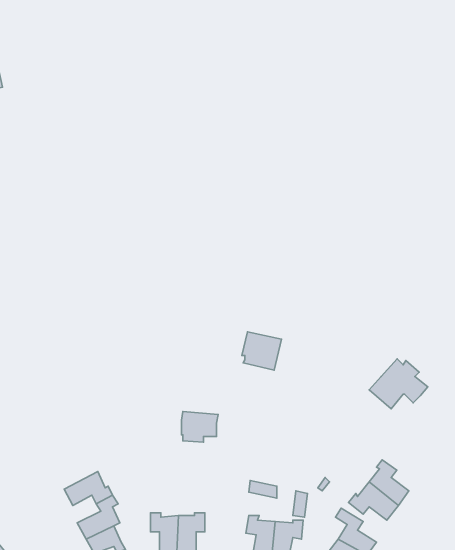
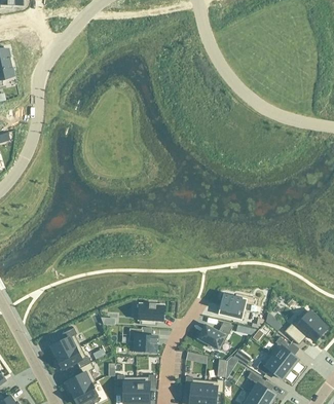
building: [242,332,281,370] -> [219,293,247,320]
building: [369,359,428,409] -> [284,309,325,344]
building: none -> [198,322,233,350]
building: none -> [50,328,80,358]
building: none -> [128,328,157,353]

